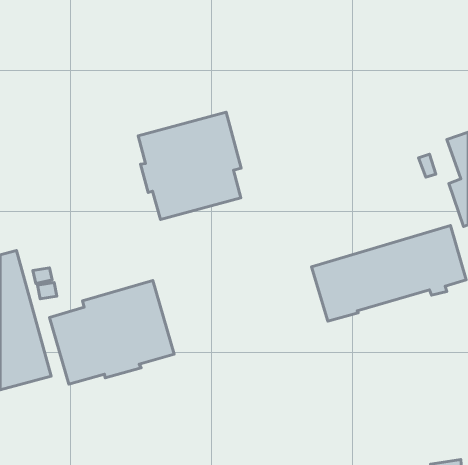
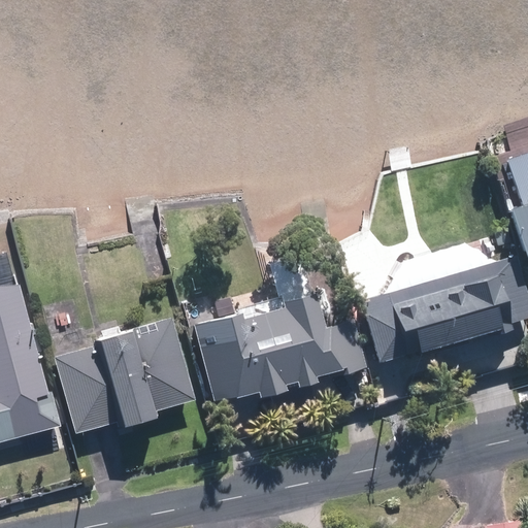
building: [138,112,241,219] -> none
building: none -> [192,257,364,405]

